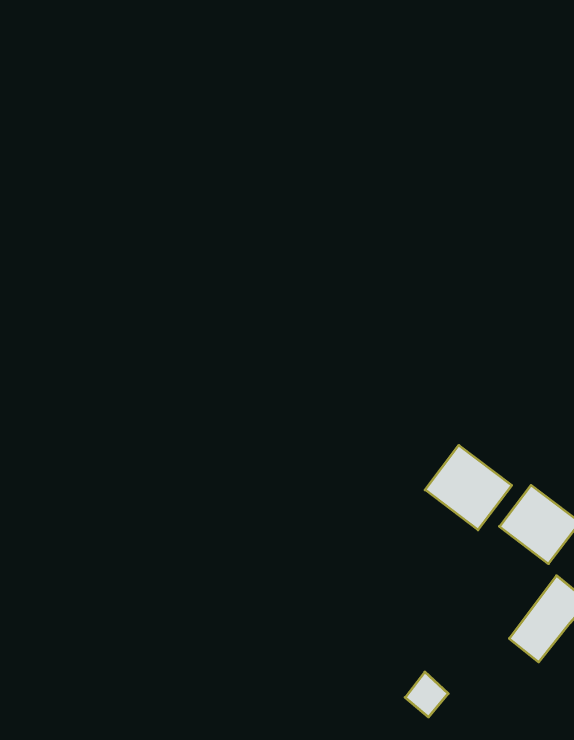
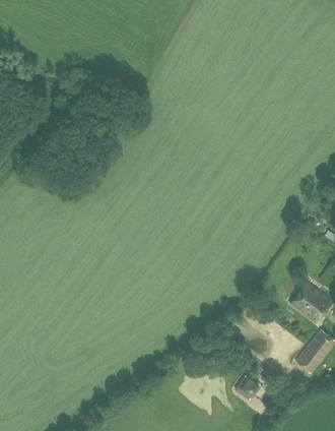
building: [425,445,512,530] -> none

